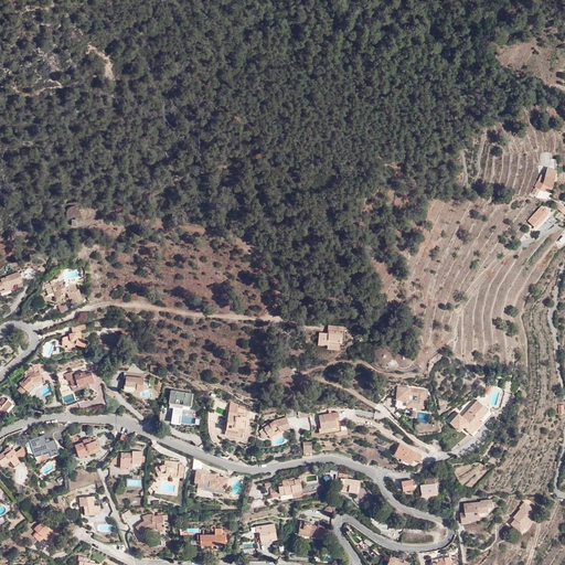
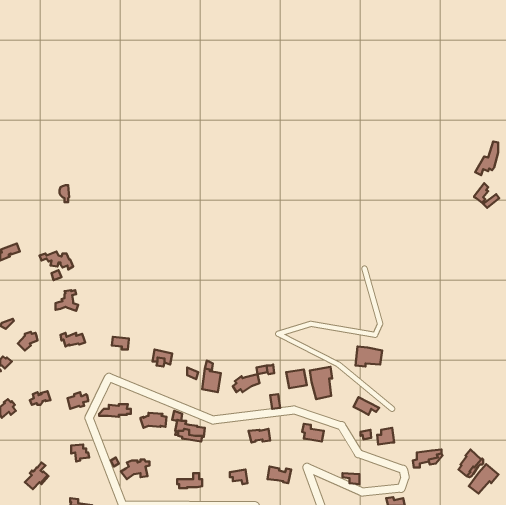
building: [318,326,343,350] -> none
building: [449,401,492,437] -> none
building: none -> [310,367,332,399]
building: none -> [469,464,499,494]

